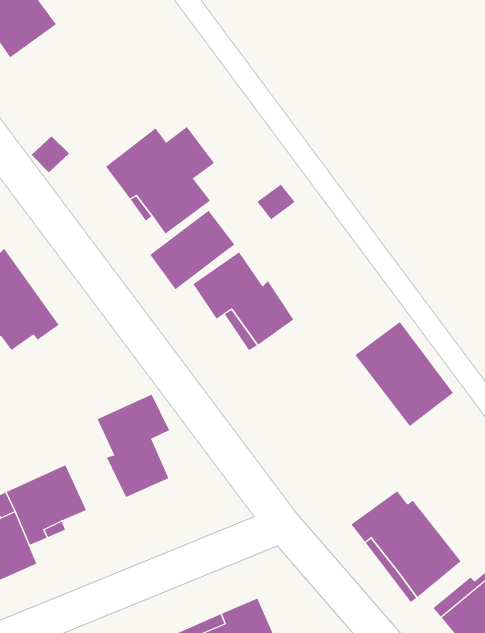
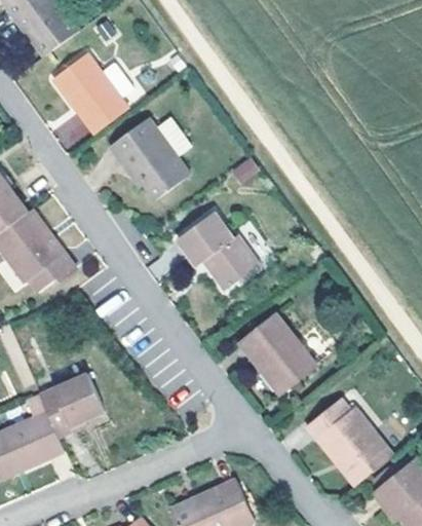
building: none -> [53,52,129,134]
building: [149,210,235,290] -> none
building: [355,321,454,427] -> [240,310,318,393]
building: [97,394,170,498] -> none

